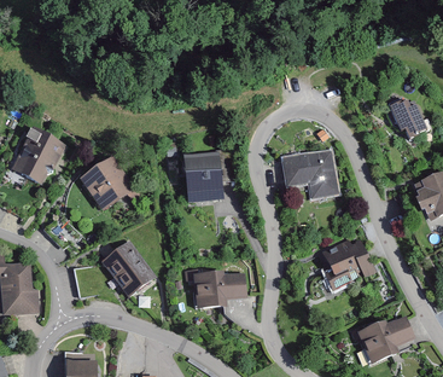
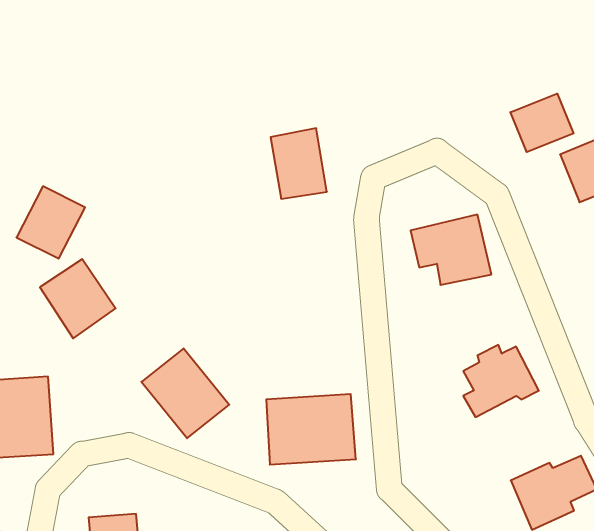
building: none -> [510,94,574,152]
building: [180,150,218,198] -> [271,128,327,199]
building: [83,162,135,216] -> [40,259,116,338]

